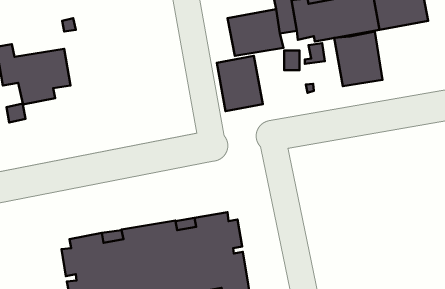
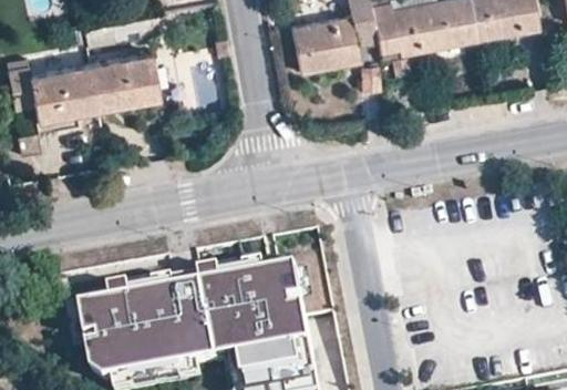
building: [334,32,383,86] -> none
building: none -> [92,54,161,111]
building: [217,56,263,111] -> none

